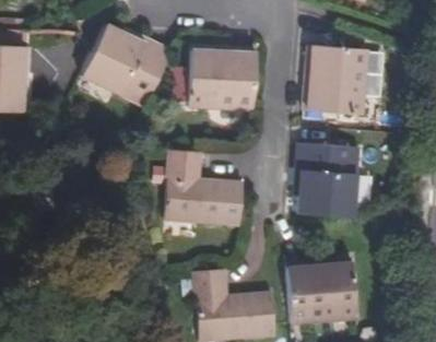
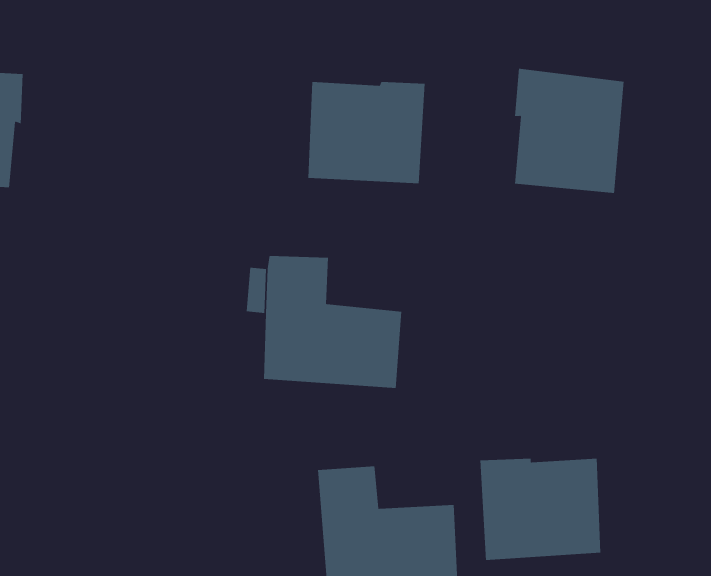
building: [82,23,172,106] -> none
building: [297,143,358,217] -> none

